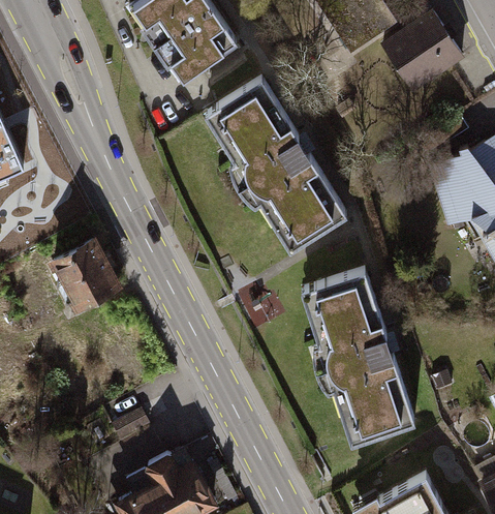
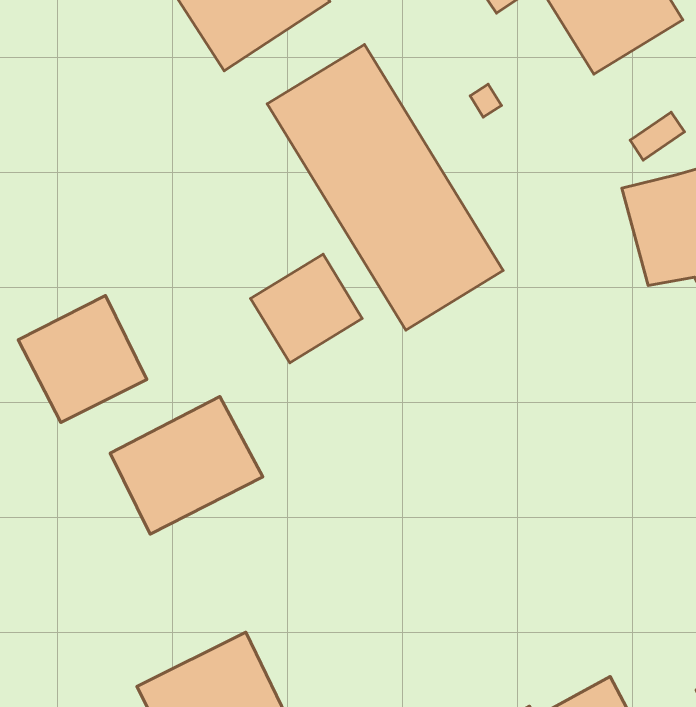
building: none -> [251,254,362,363]
building: [300,270,421,449] -> none
building: none -> [110,397,263,534]

